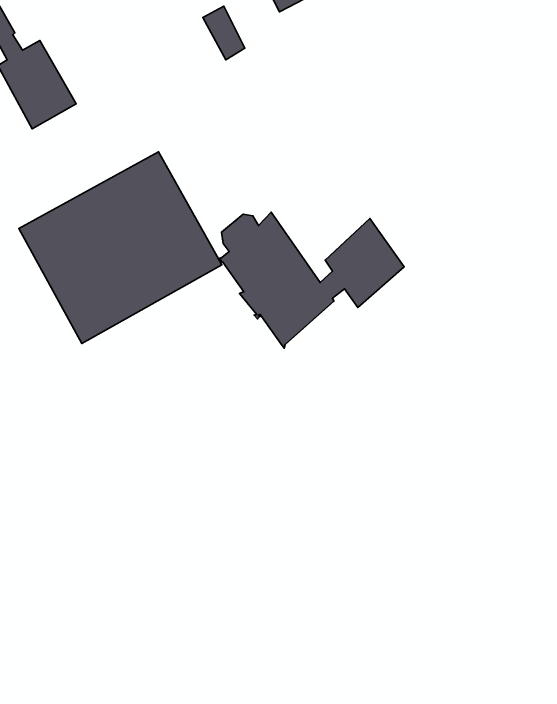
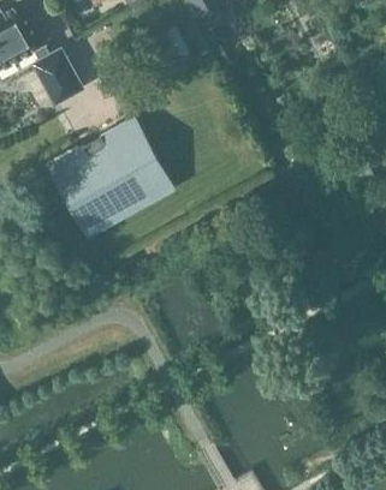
building: [220,212,404,348] -> none

